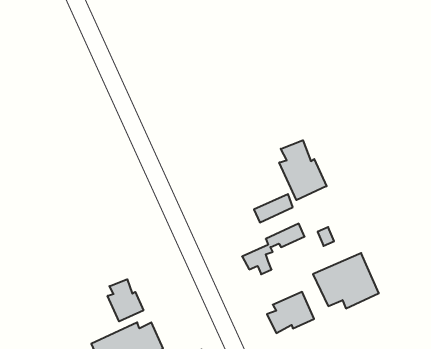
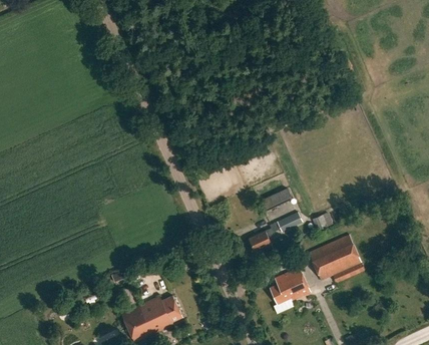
building: [279,140,327,200] -> none
building: [108,279,143,321] -> none

